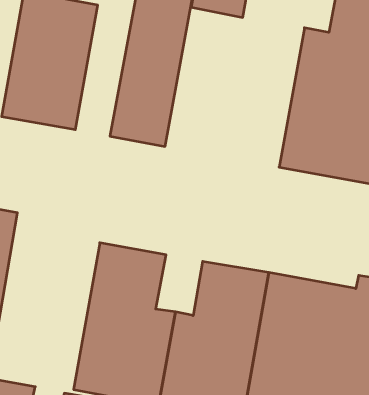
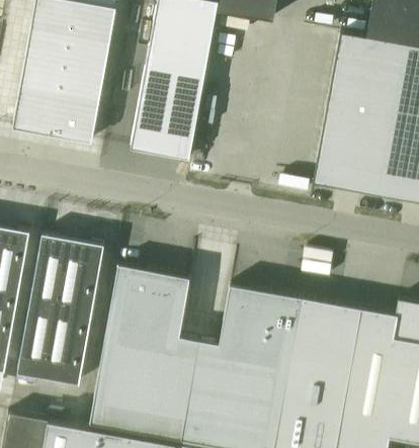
building: none -> [17,235,104,385]

